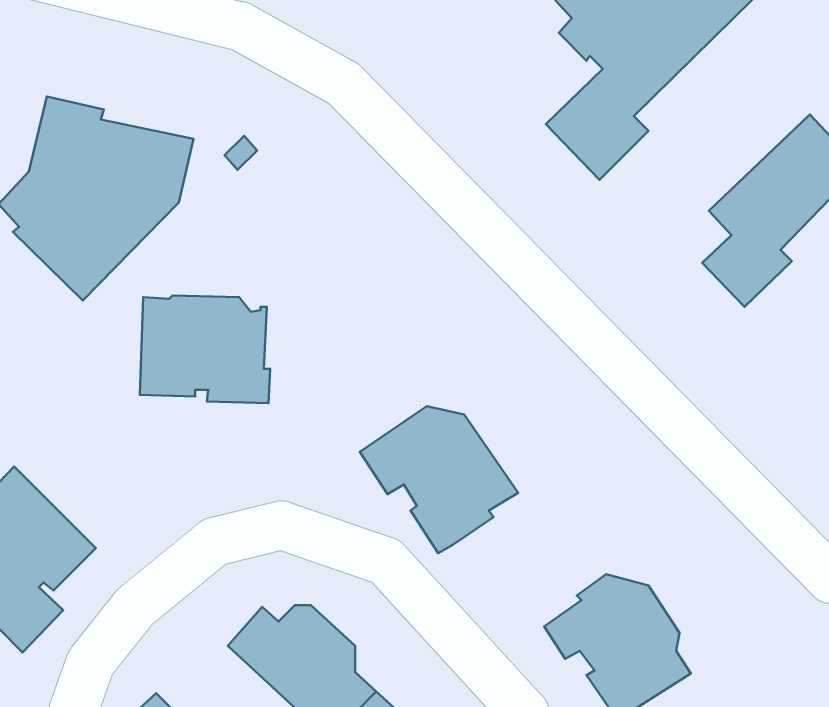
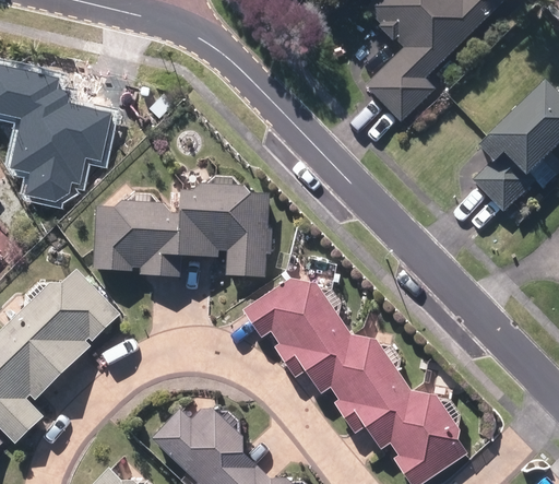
building: none -> [178,185,267,274]
building: none -> [11,268,121,371]
building: none -> [305,334,407,432]

